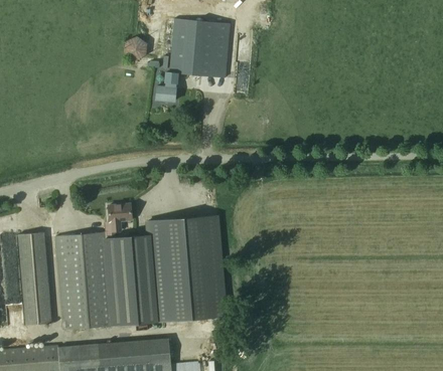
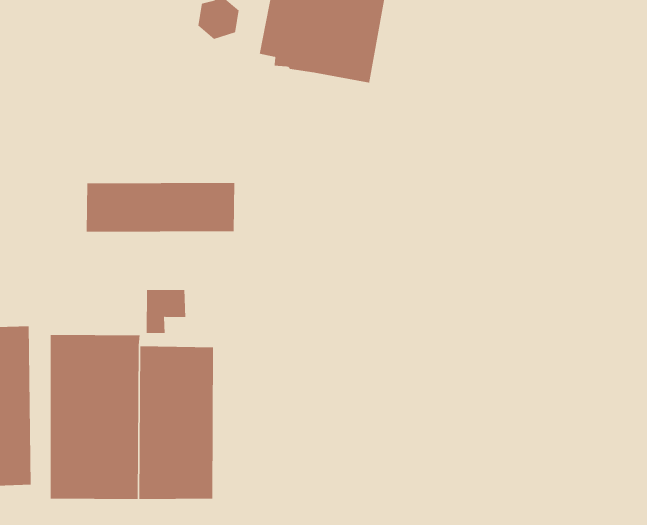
building: [156,71,178,102] -> none
building: none -> [86,182,235,233]
building: [148,215,225,322] -> none

